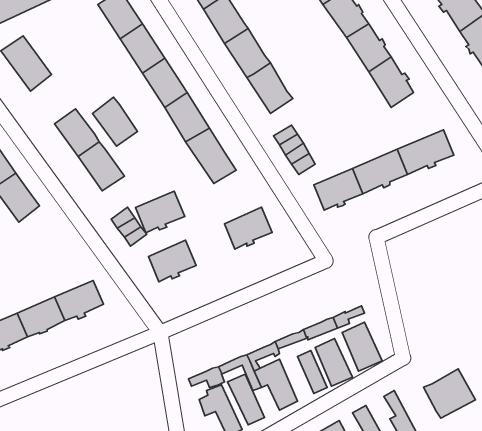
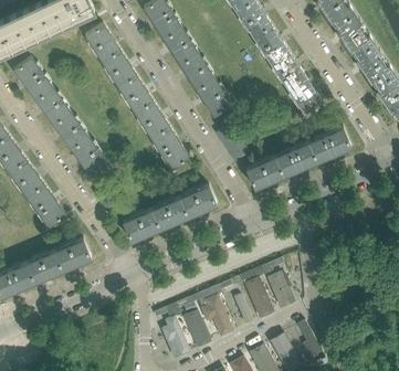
building: [93,97,137,146] -> [36,88,70,125]
building: [136,191,185,233] -> [151,199,188,230]
building: none -> [28,186,65,227]
building: [424,369,475,418] -> none

